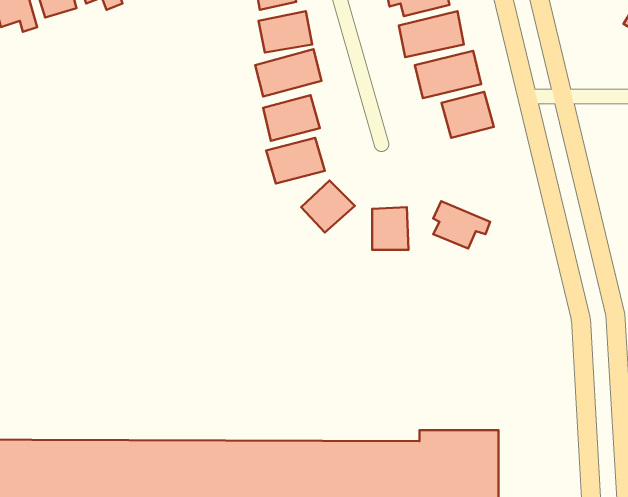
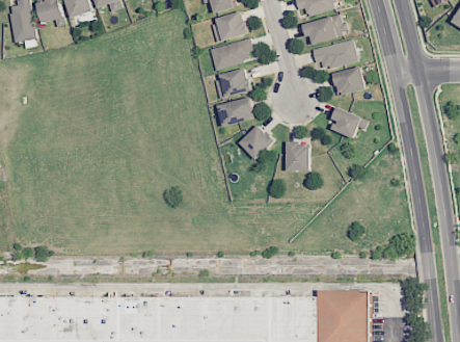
building: [433,201,490,249] -> [330,107,368,138]

